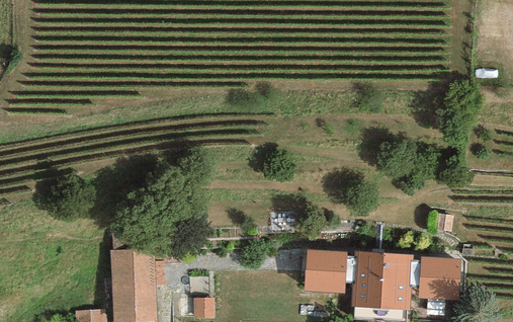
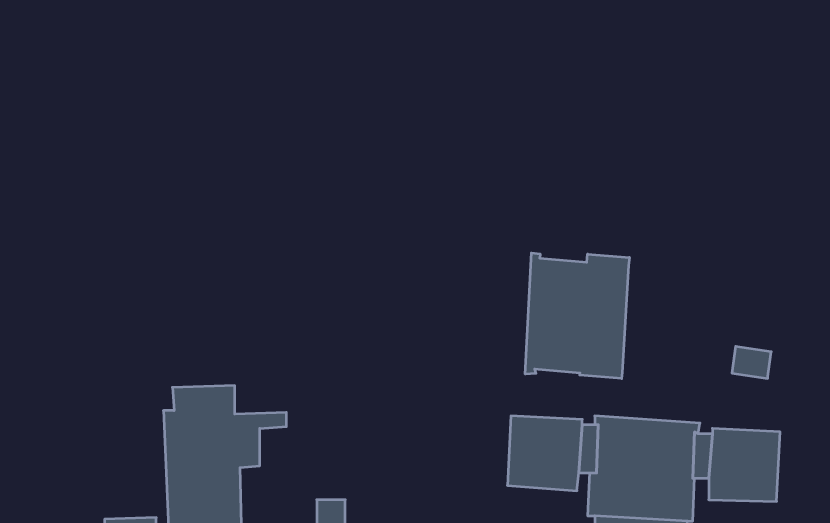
building: none -> [525,253,629,379]

